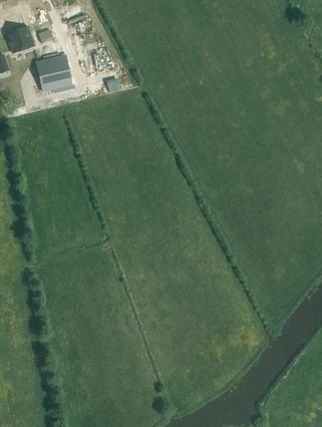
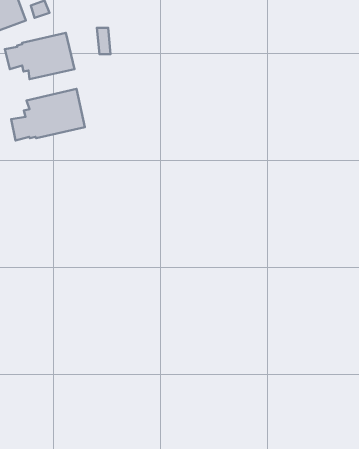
building: none -> [11,89,85,141]

